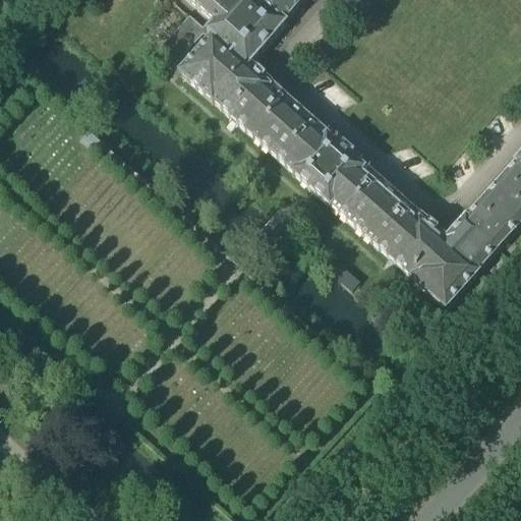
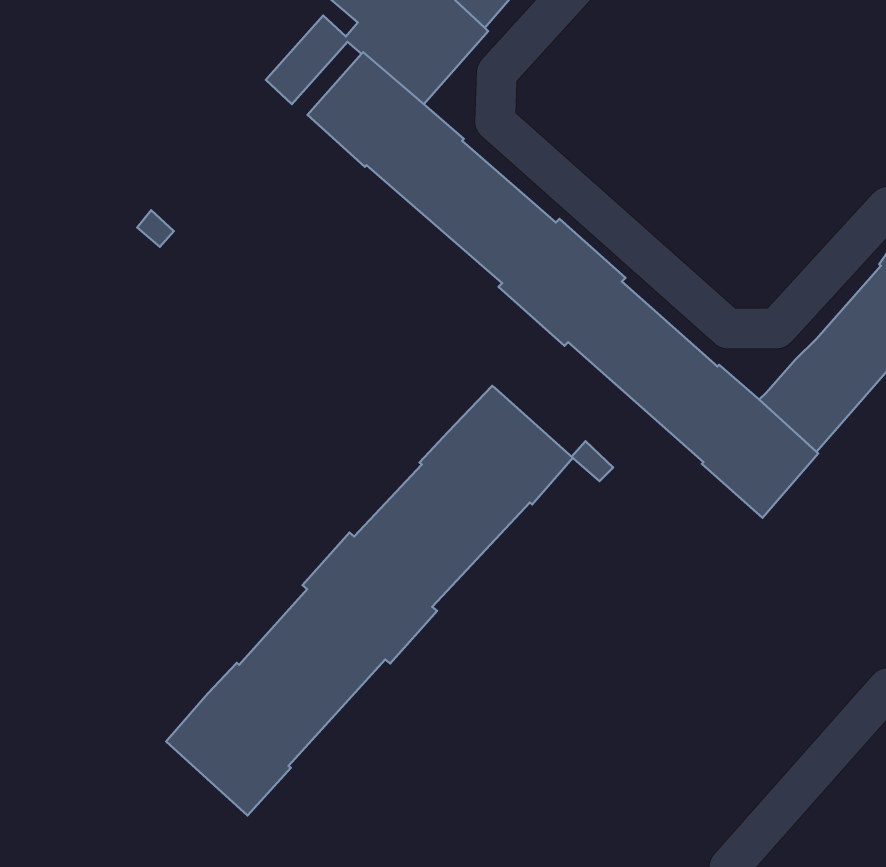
building: none -> [166,386,573,816]

